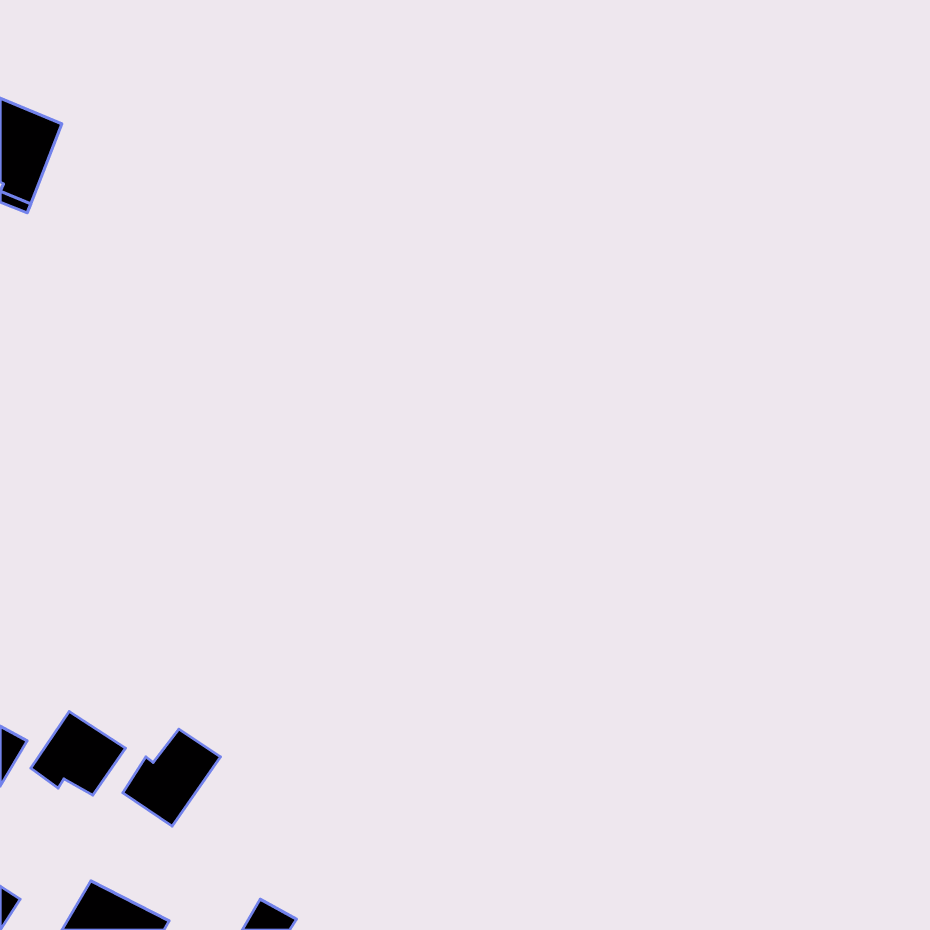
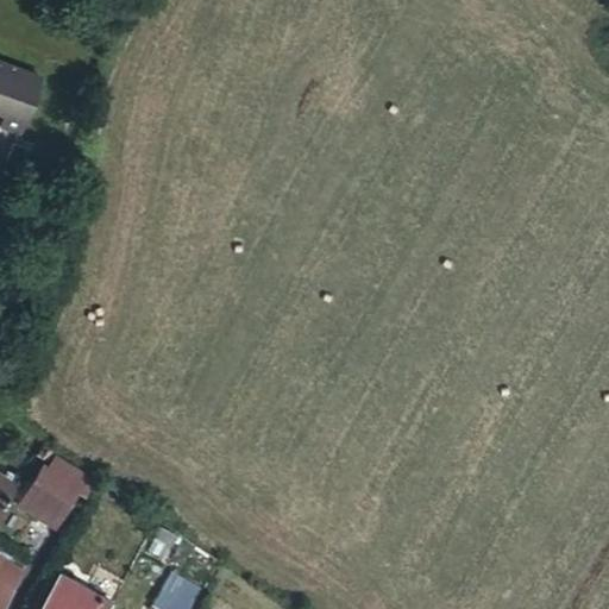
building: [123,729,221,826] -> none

